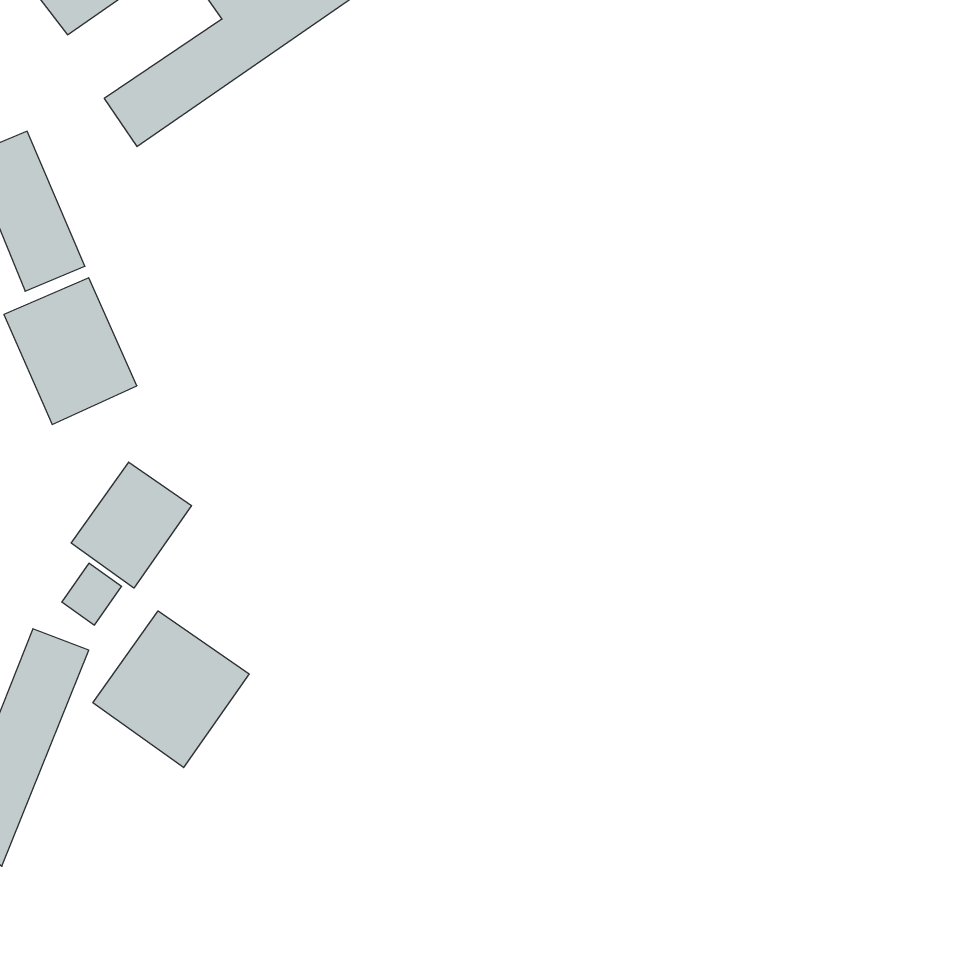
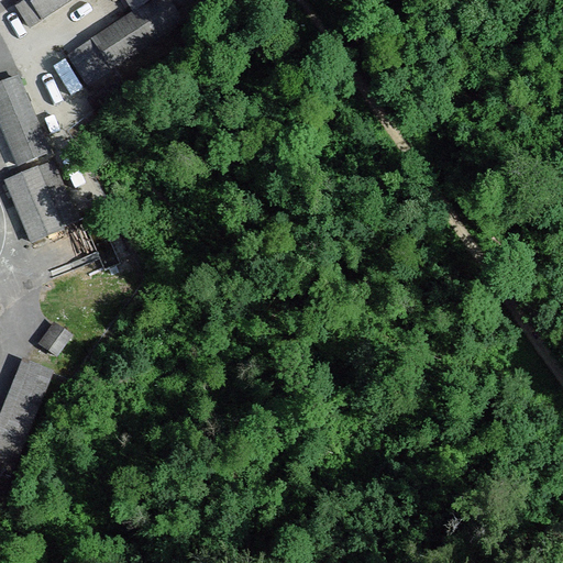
building: [71,462,192,588] -> none
building: [93,611,249,768] -> none

